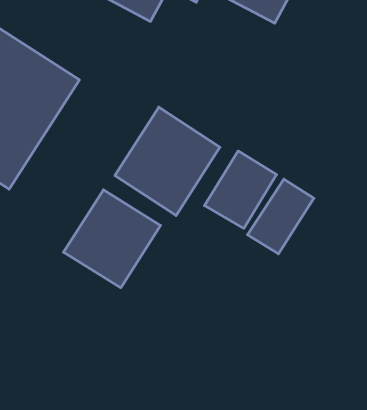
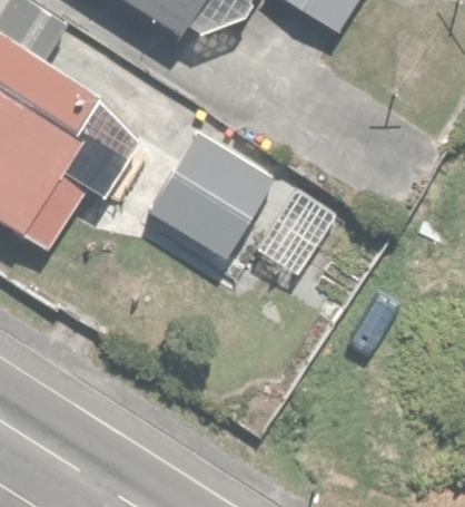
building: [63,190,161,288] -> none

